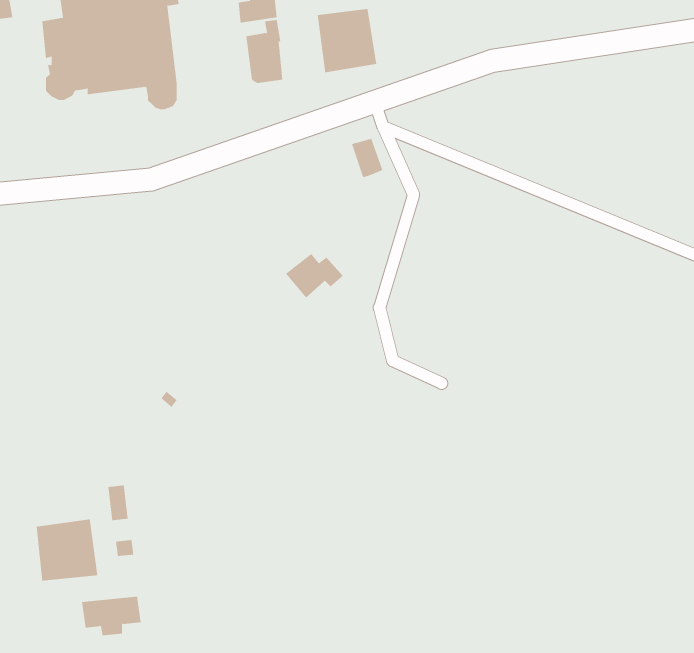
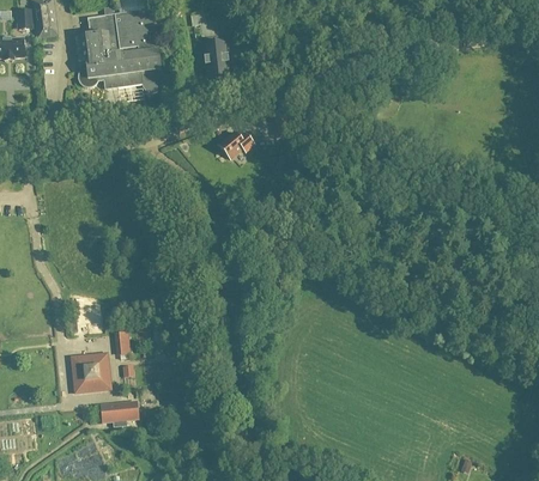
building: [317,8,377,73] -> none
building: [285,253,344,298] -> [218,132,255,160]

